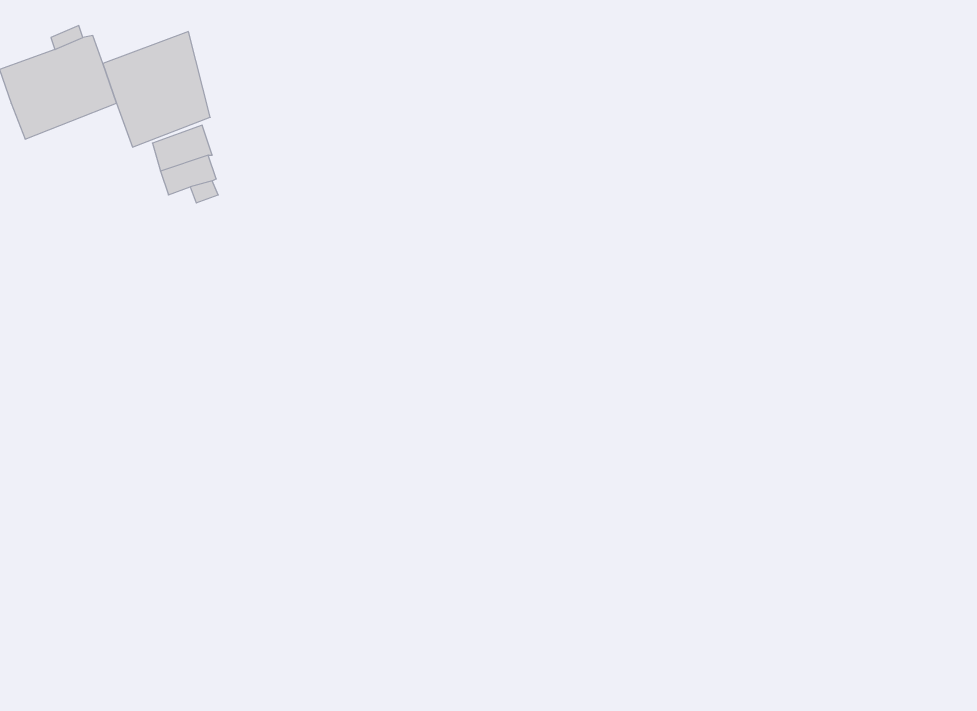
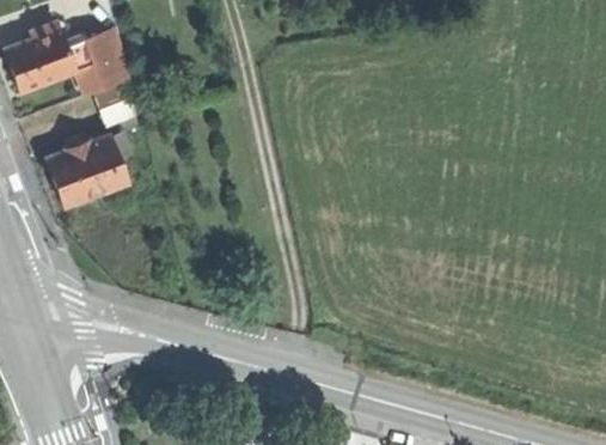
building: none -> [44,134,126,205]

